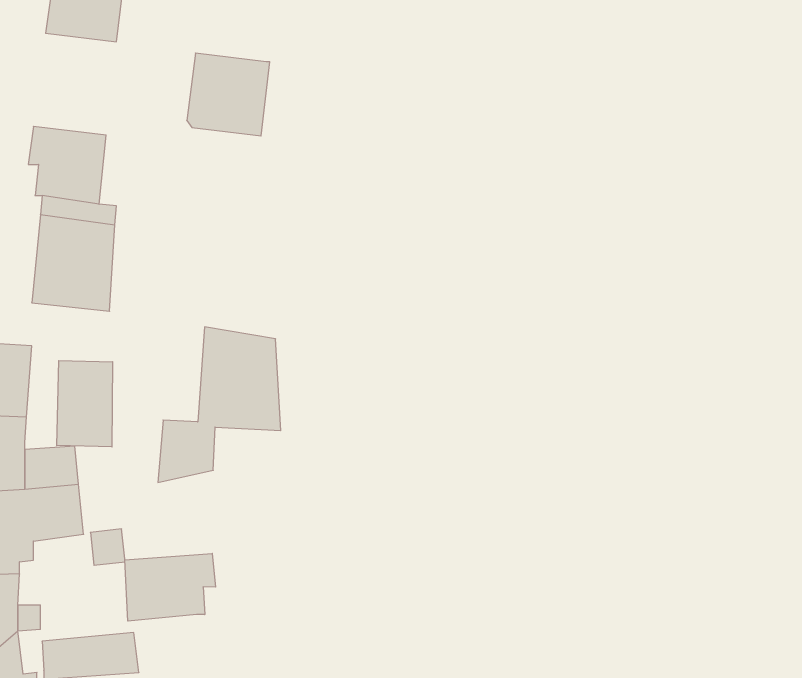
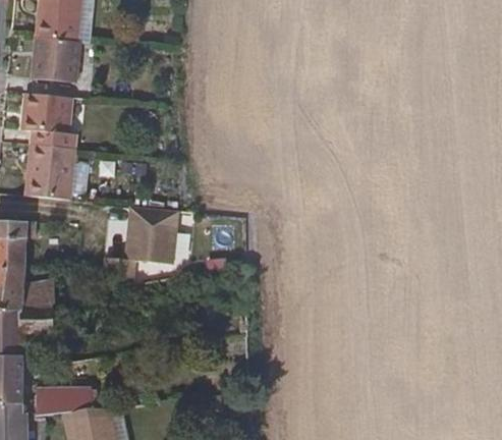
building: [187,53,270,136] -> [30,35,78,84]
building: [57,361,113,447] -> none
building: [125,553,215,621] -> none

